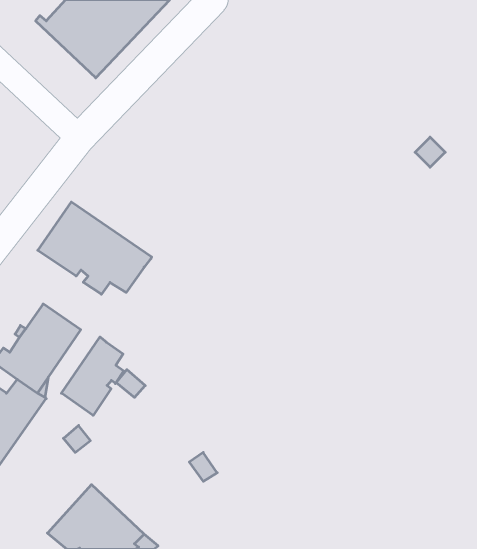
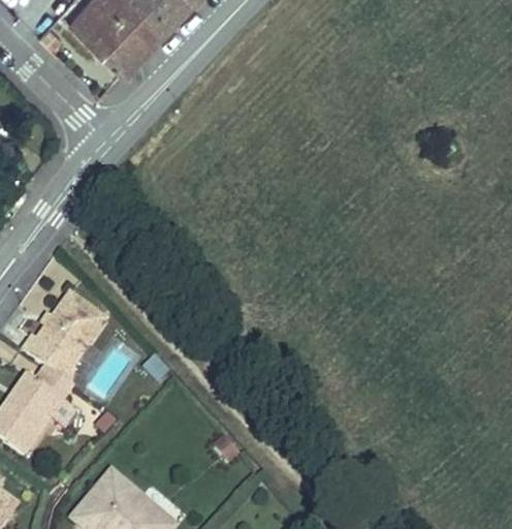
building: [38,202,152,294] -> none
building: [61,337,124,415] -> none

